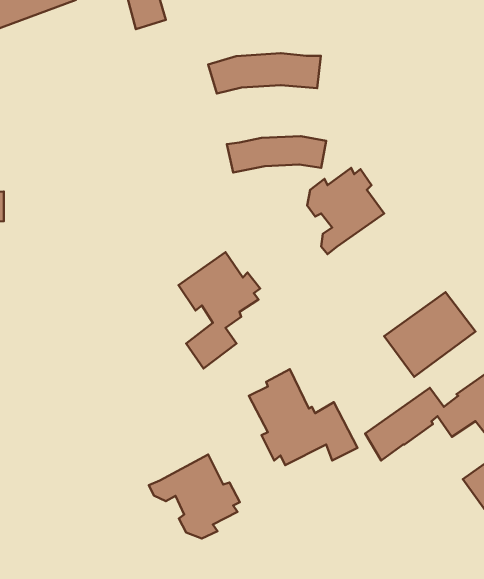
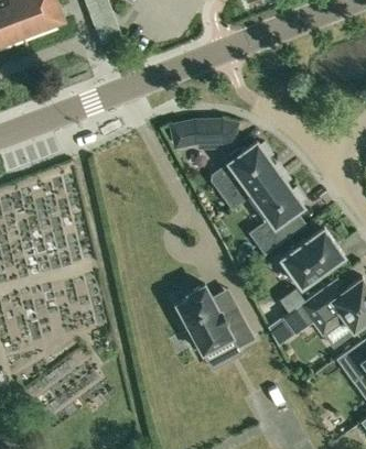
building: [208,53,321,94] -> none
building: [178,252,260,369] -> [246,173,303,254]
building: [149,454,240,538] -> none

